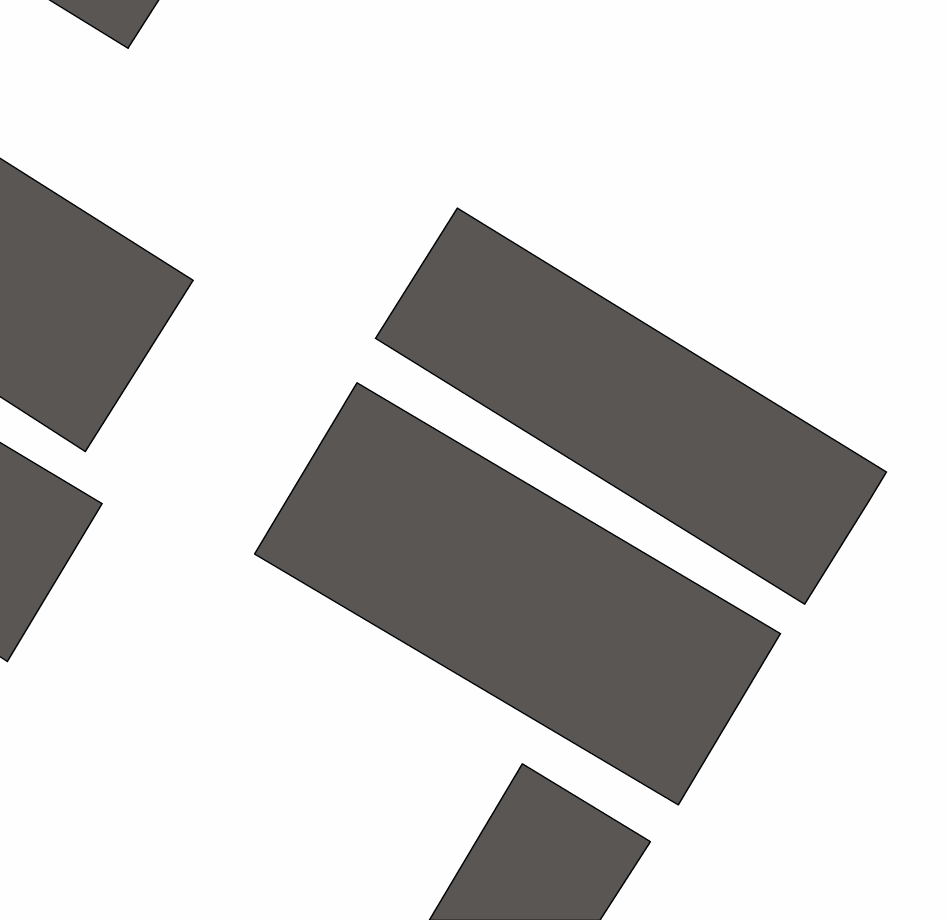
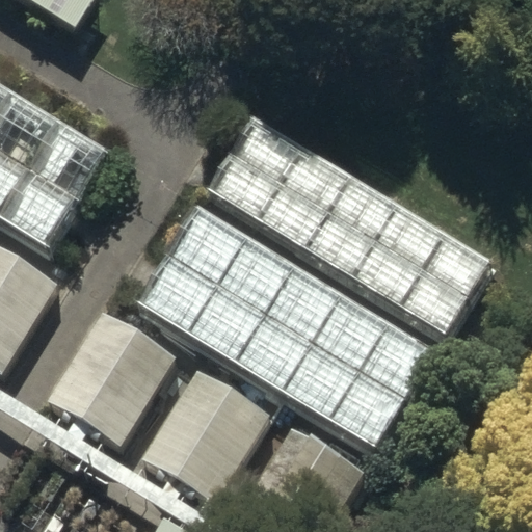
building: none -> [49,310,174,440]
building: none -> [143,370,269,502]

